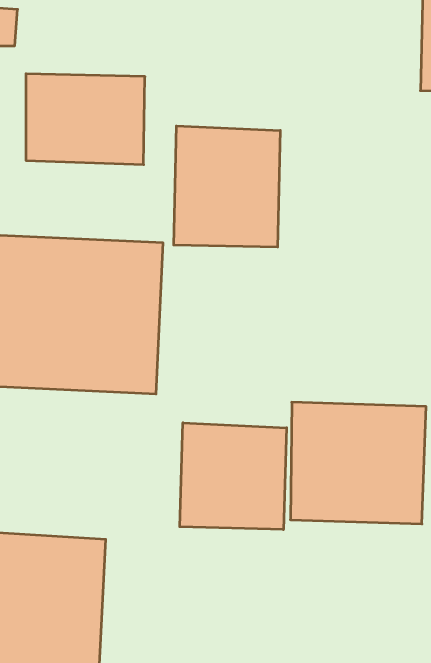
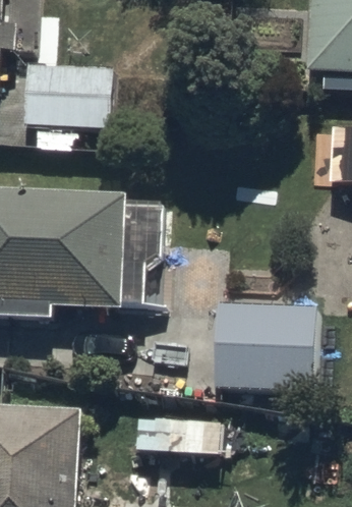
building: [174,126,280,247] -> none
building: [180,423,287,530] -> none

